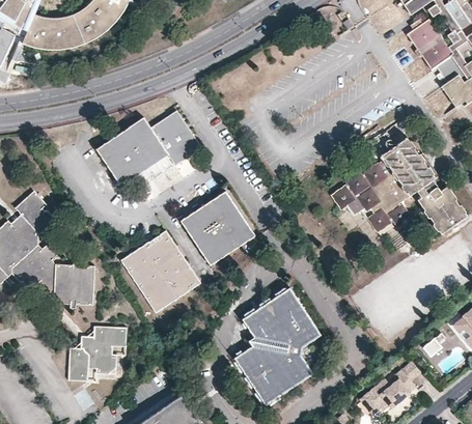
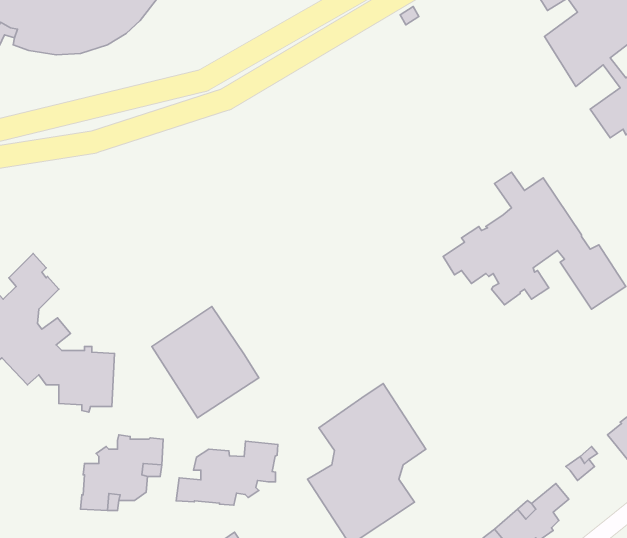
building: [95,111,200,185] -> none
building: [182,192,254,264] -> none
building: none -> [176,441,278,505]

